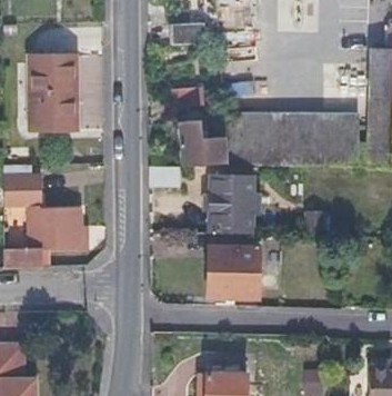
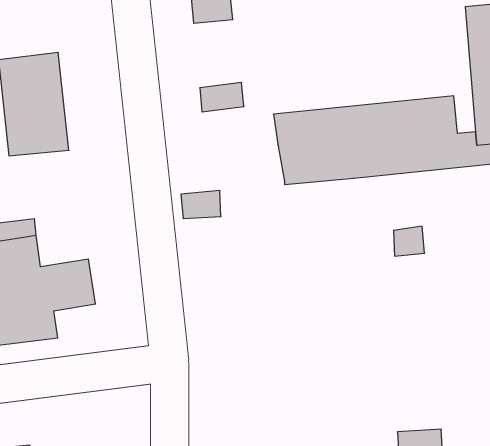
building: [180,120,228,167] -> none
building: [209,176,260,229] -> none
building: [208,244,259,296] -> none

